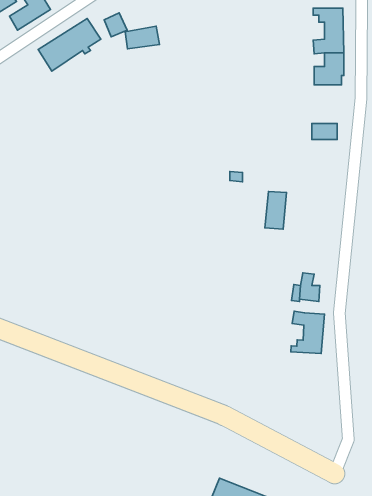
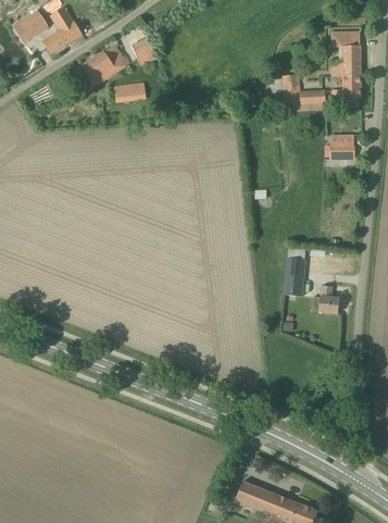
building: [125,26,160,49] -> [114,80,147,102]
building: none -> [280,73,326,111]
building: [265,191,287,229] -> [284,258,304,294]
building: [291,311,324,354] -> none

